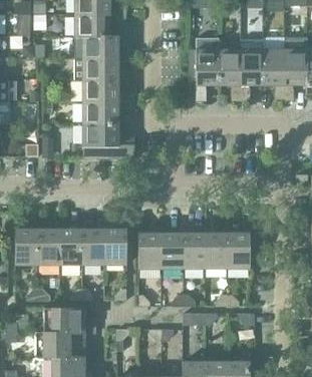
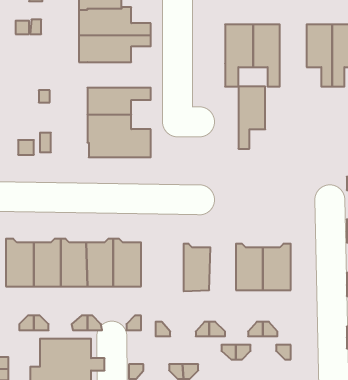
building: [241,49,263,100] -> [238,87,265,149]
building: [82,80,134,101] -> none
building: [138,230,162,269] -> none
building: [183,230,205,268] -> none

